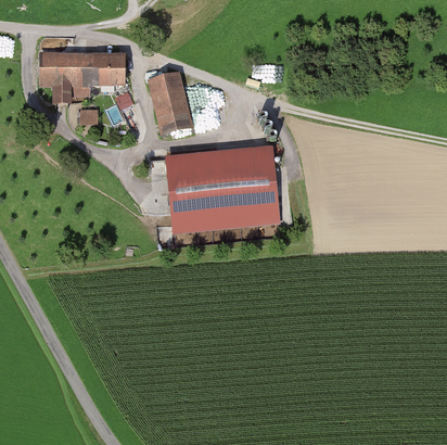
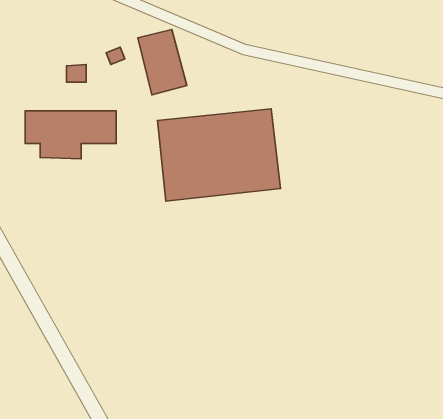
building: [39,55,124,100] -> [25,111,116,159]

